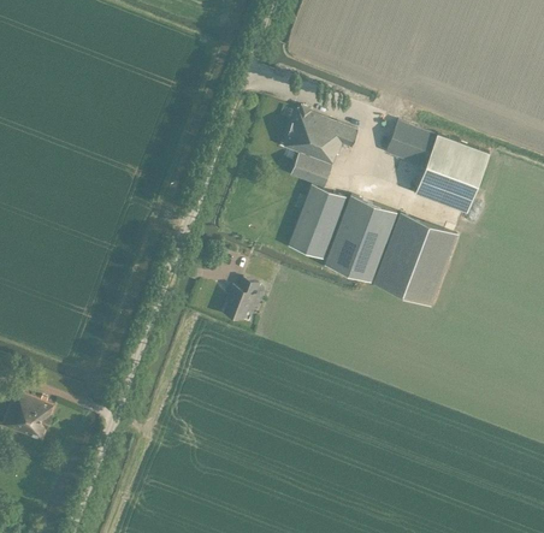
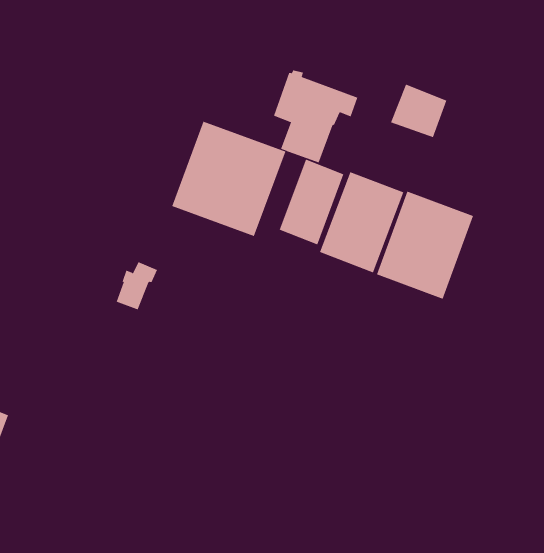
building: [414,136,485,211] -> none
building: none -> [171,121,286,237]
building: [224,278,260,320] -> [116,262,158,310]

